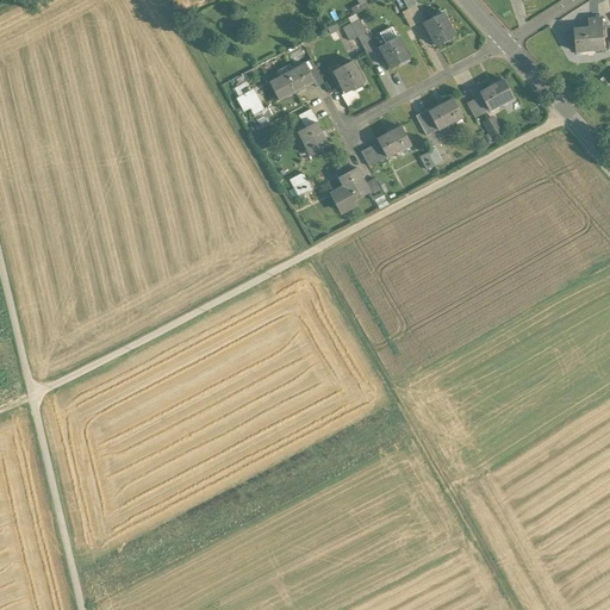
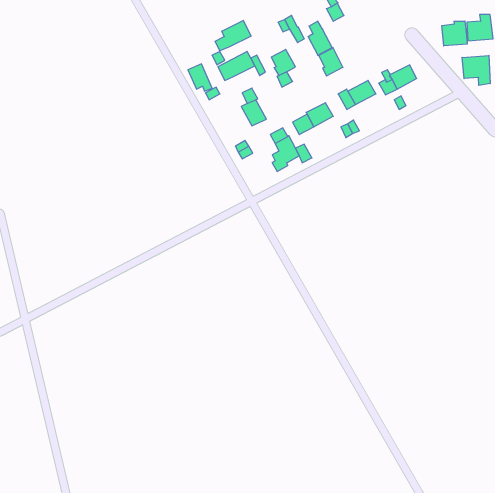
building: [423,12,453,46] -> [319,48,343,76]
building: none -> [215,20,251,51]
building: none -> [442,21,467,46]
building: none -> [462,55,490,85]

